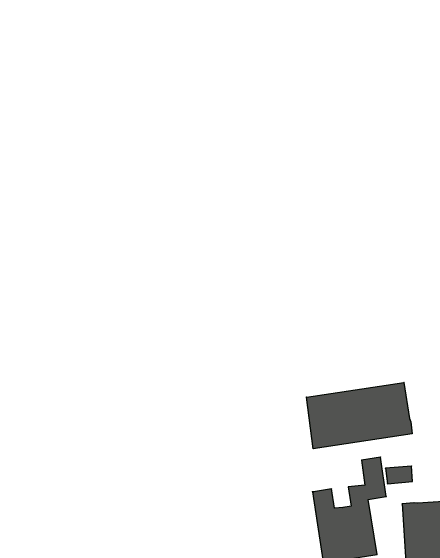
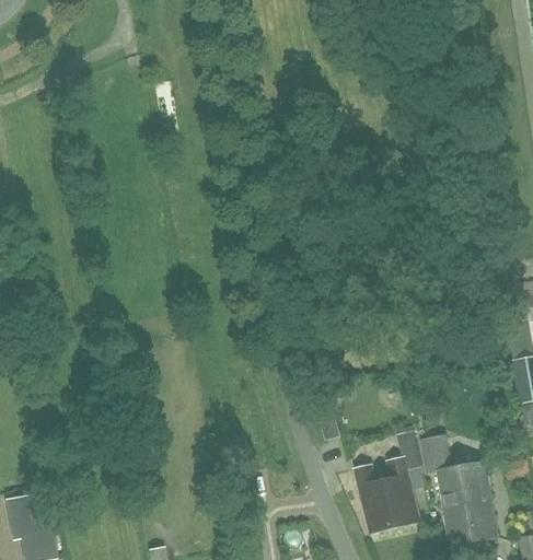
building: [306,382,412,449] -> none

